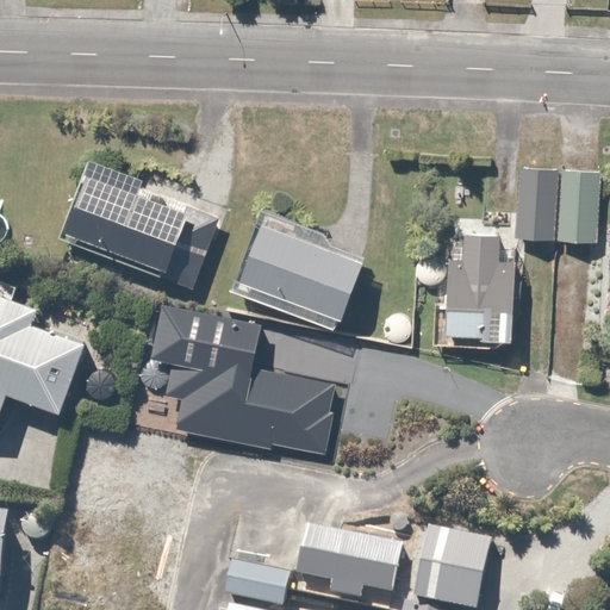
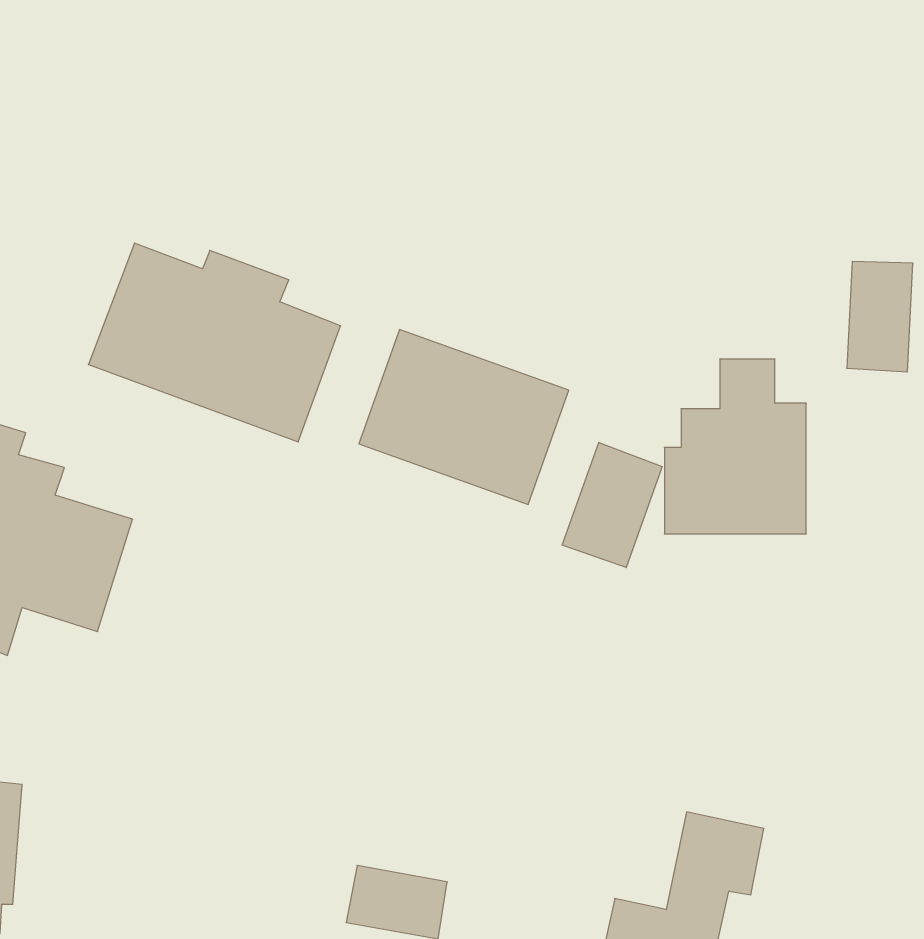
building: [508,169,552,239] -> none
building: none -> [562,442,662,568]
building: [142,306,329,456] -> none
building: [297,529,398,600] -> none

